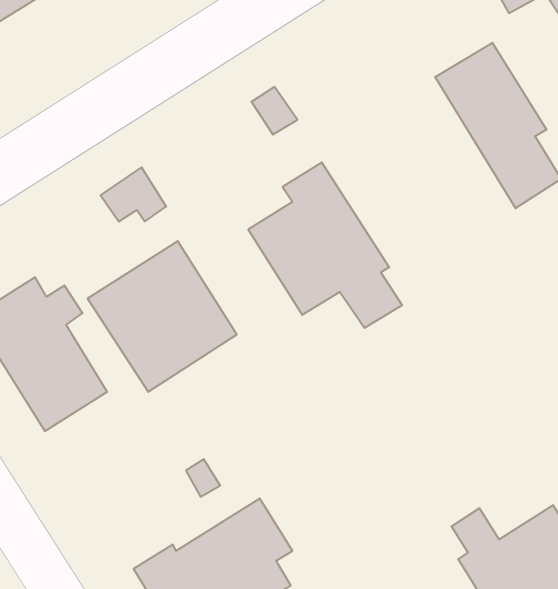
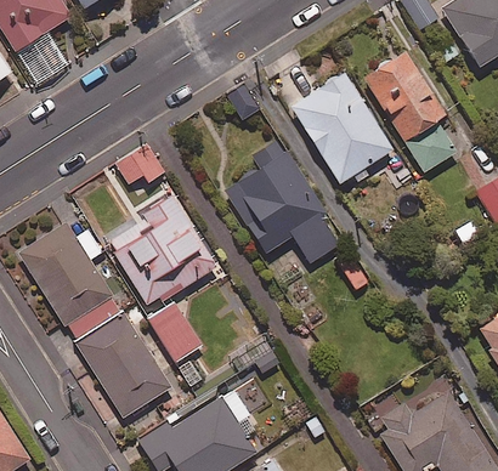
building: none -> [290,73,392,183]
building: none -> [149,302,203,362]
building: none -> [78,312,171,416]

